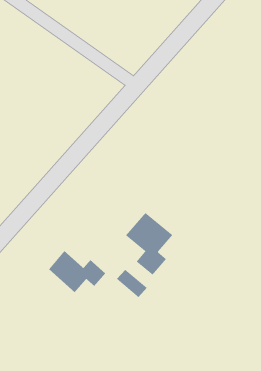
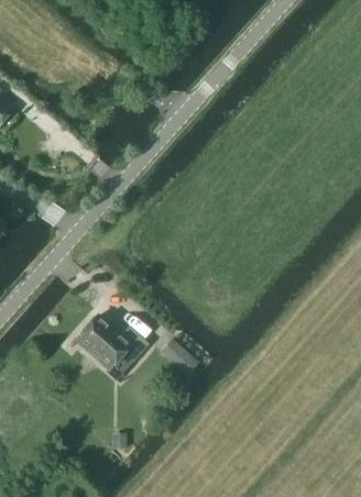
building: [125,212,173,276] -> none

